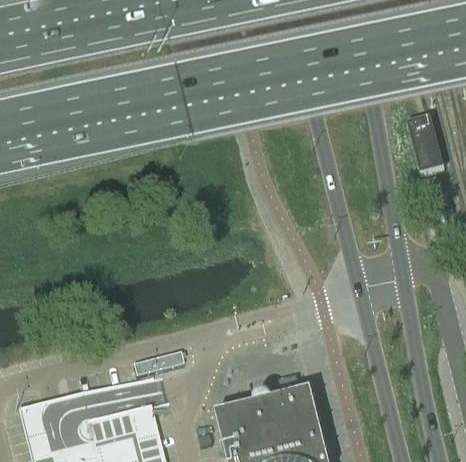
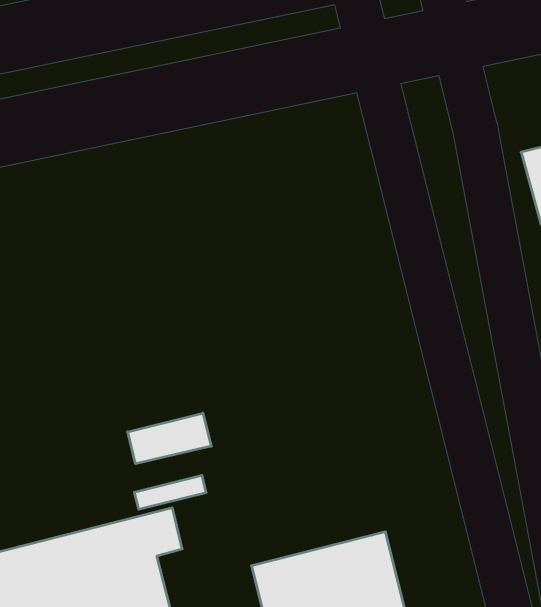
building: none -> [128,413,211,464]

